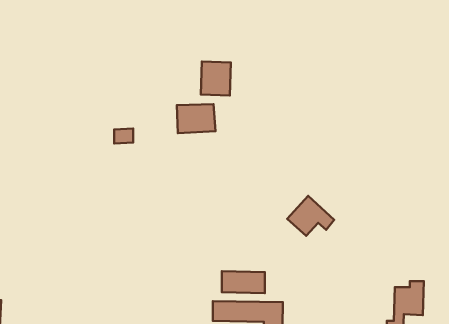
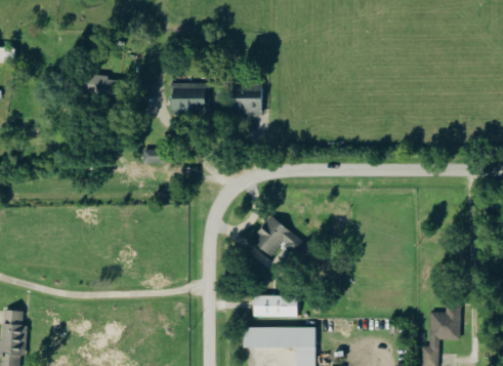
building: none -> [82,74,118,95]
building: [177,104,216,133] -> [170,82,210,112]
building: [287,196,334,236] -> [251,215,299,256]

